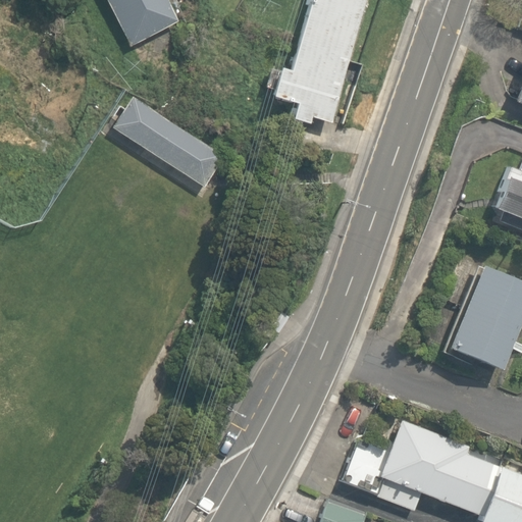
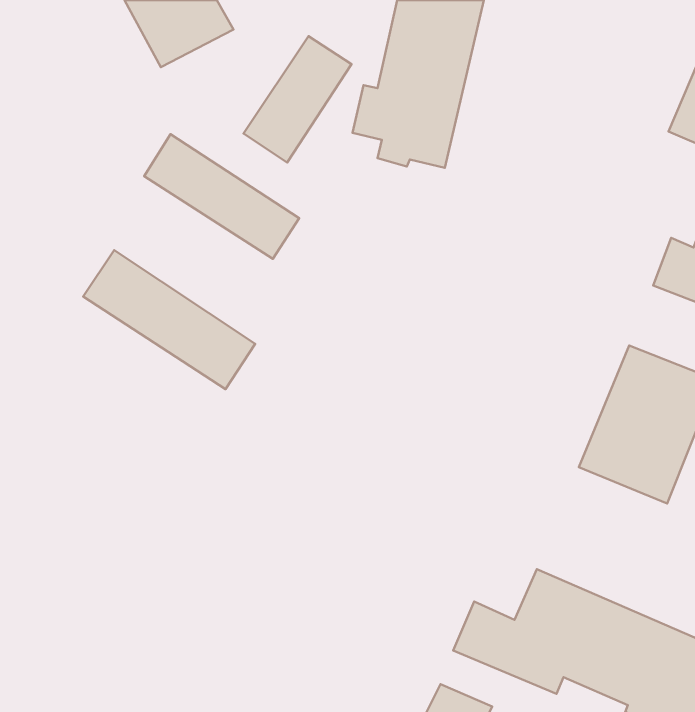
building: none -> [243,36,351,163]
building: none -> [83,250,255,389]

